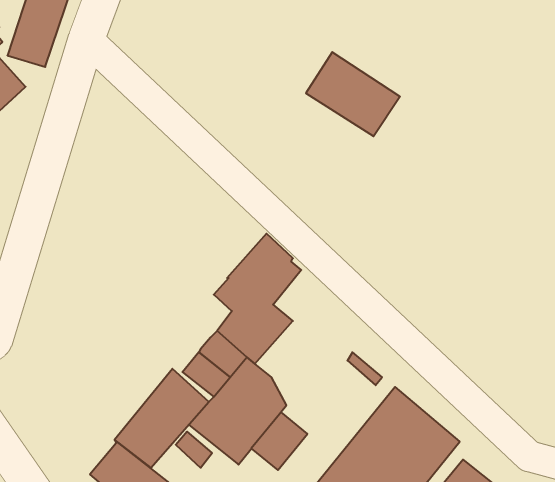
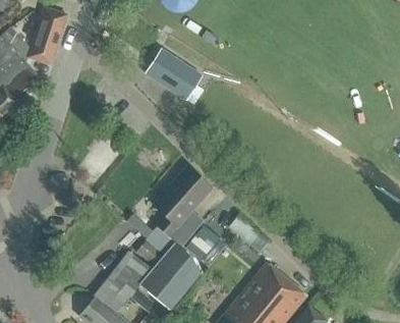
building: [306,52,400,136] -> [145,48,203,100]
building: [251,412,307,470] -> [185,225,220,261]

